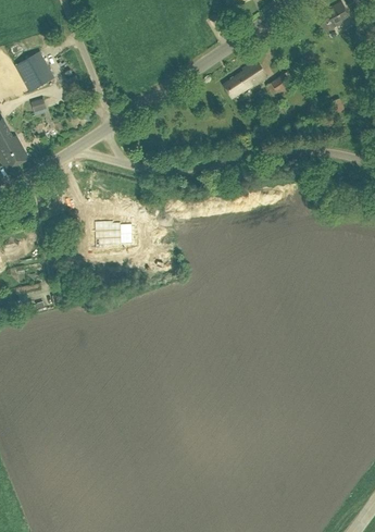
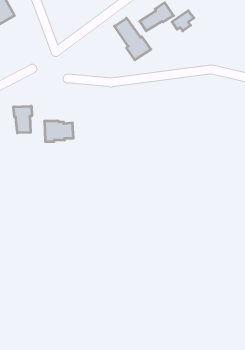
building: none -> [114,18,151,60]
building: none -> [14,106,32,133]

